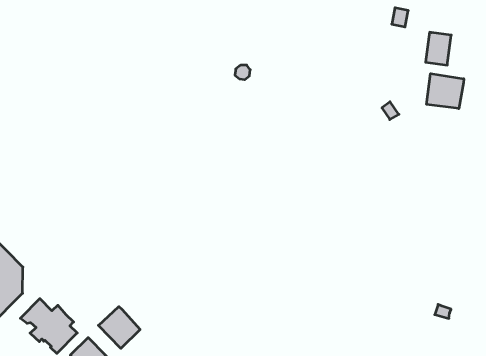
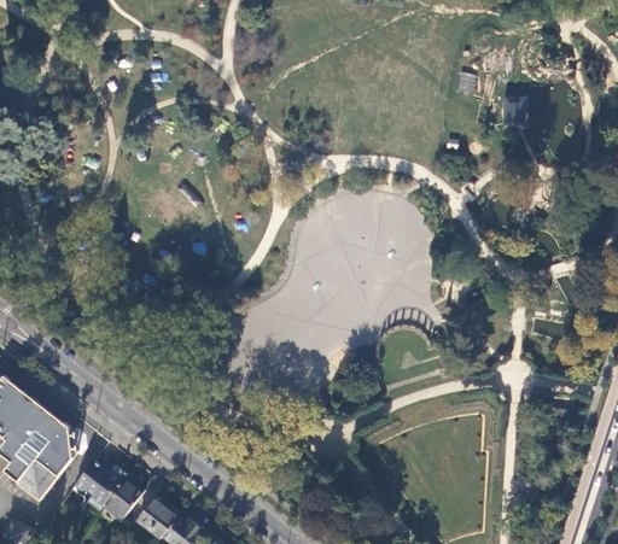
building: [427,74,464,109] -> none
building: [98,307,140,348] -> none

